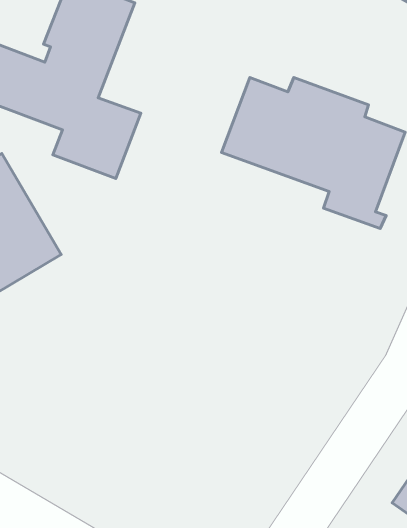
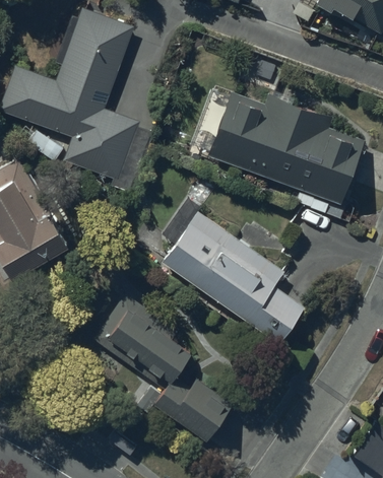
building: none -> [162,210,304,343]
building: none -> [92,293,233,440]

